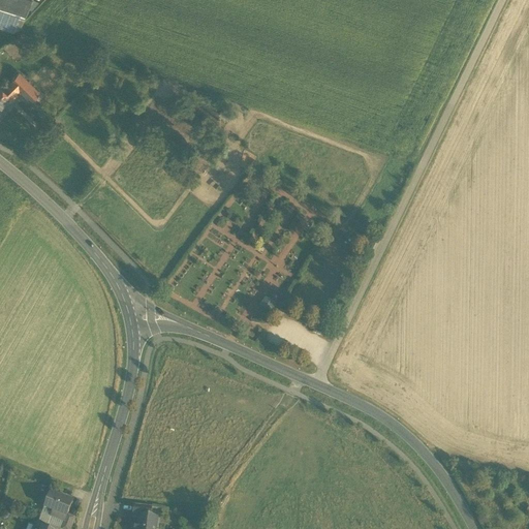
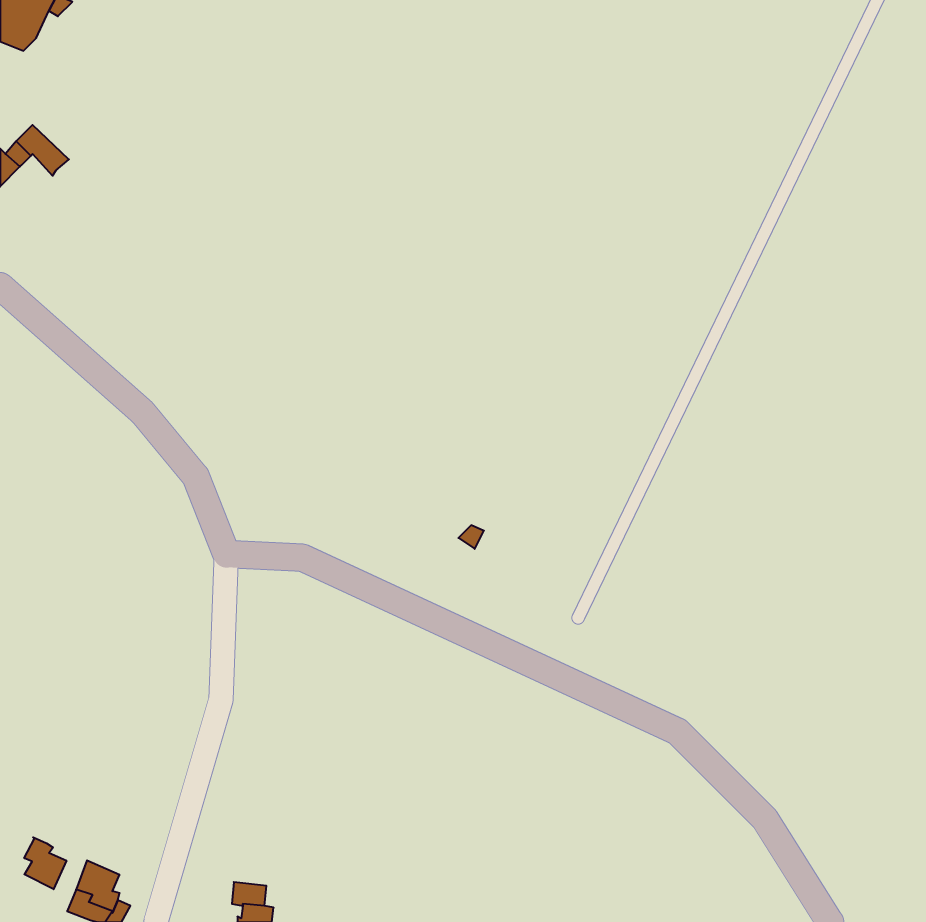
building: none -> [24,837,66,889]

